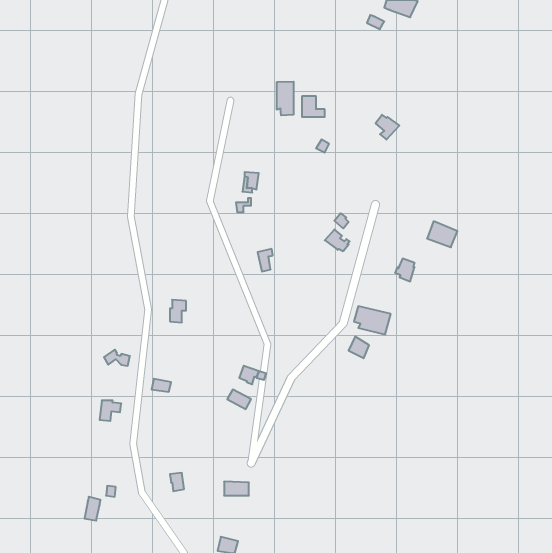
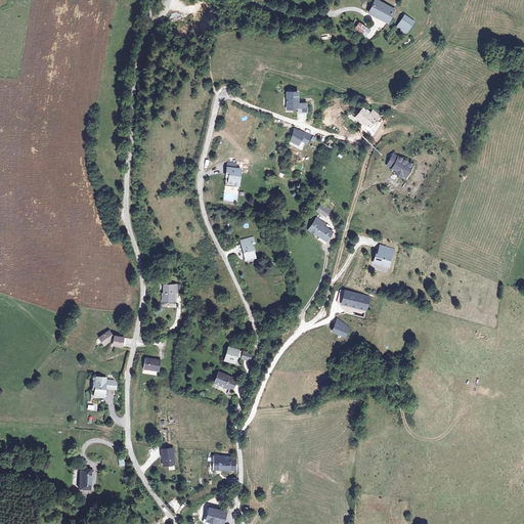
building: [277,82,294,115] -> none
building: [427,221,457,247] -> [385,152,413,177]

